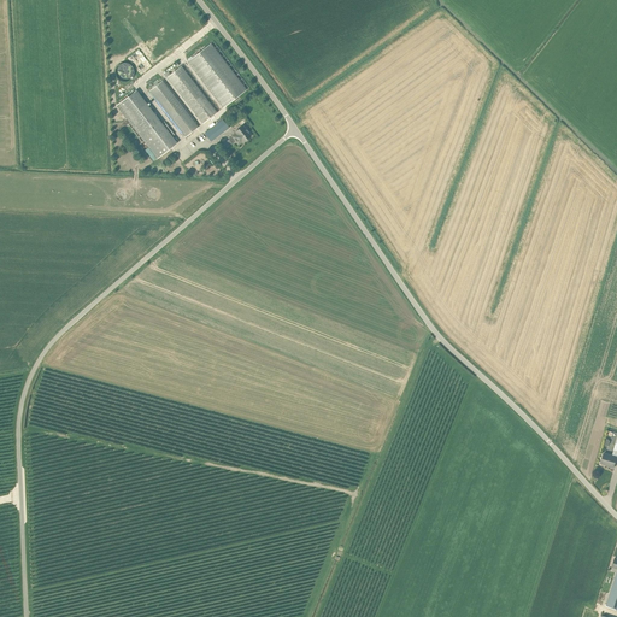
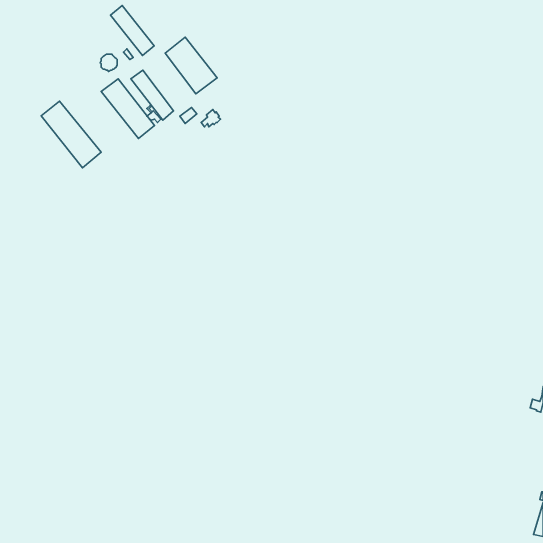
building: [166,65,216,122] -> [111,5,154,55]
building: none -> [41,101,101,168]

